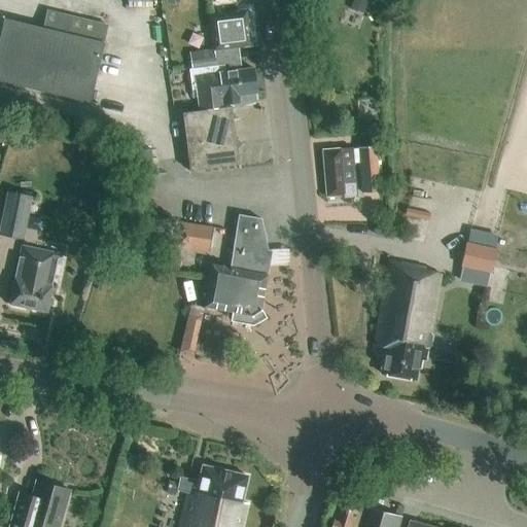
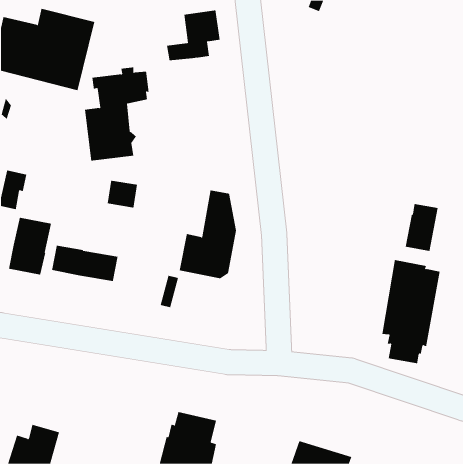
building: [182,64,256,171] -> [84,67,150,161]
building: [322,146,381,198] -> none
building: [177,221,212,253] -> [107,180,138,208]
building: [374,260,441,379] -> [381,260,440,364]
building: none -> [51,245,118,282]

